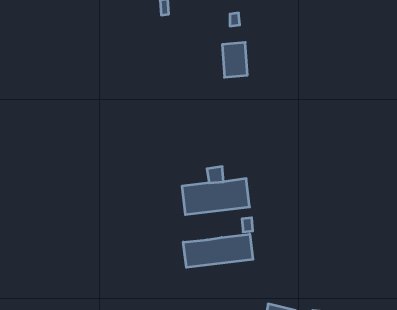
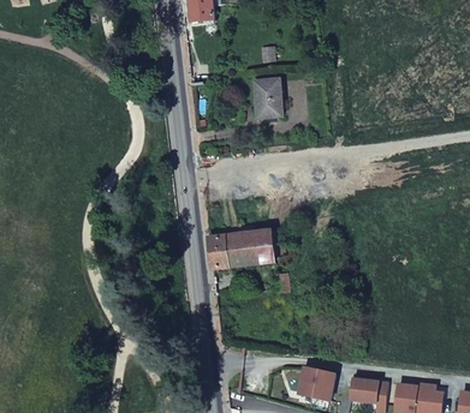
building: [183,234,253,267] -> none

